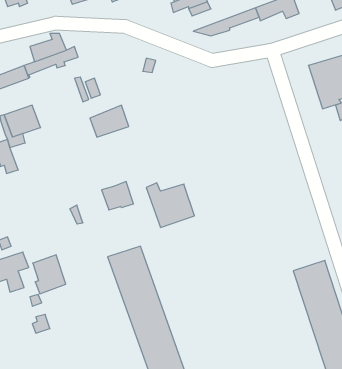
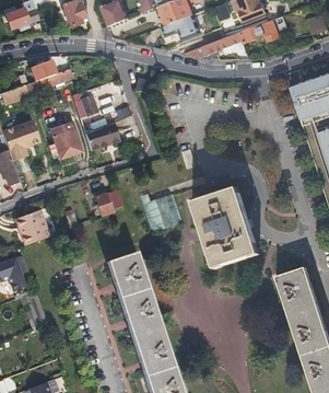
building: none -> [50,122,81,158]
building: none -> [189,185,257,267]
building: [33,255,66,294] -> [20,211,50,247]

